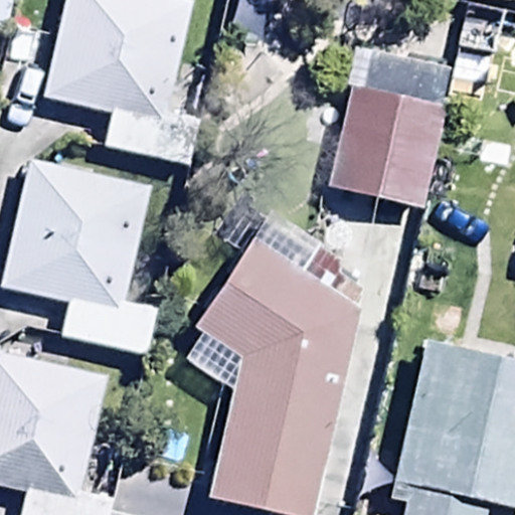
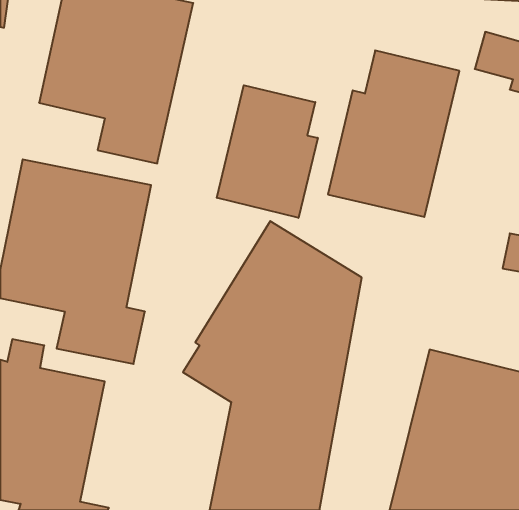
building: none -> [217,85,318,218]

